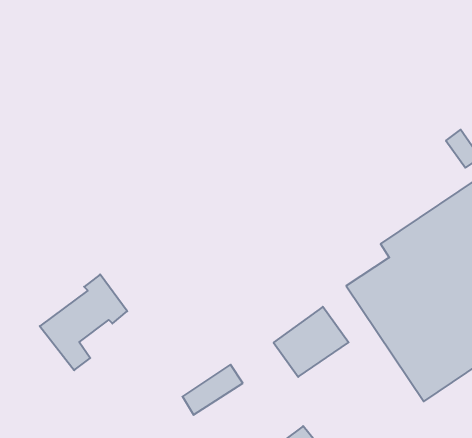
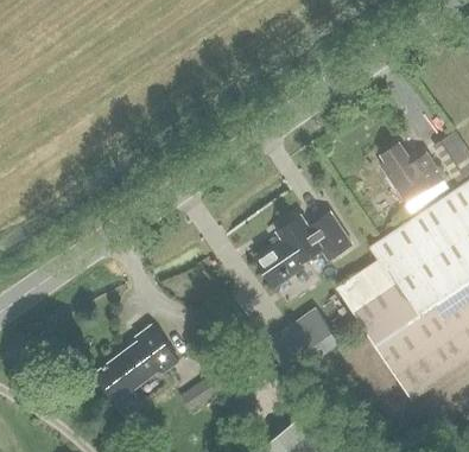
building: none -> [381,144,444,204]
building: none -> [255,212,351,282]
building: [40,274,127,370] -> [94,325,178,418]

